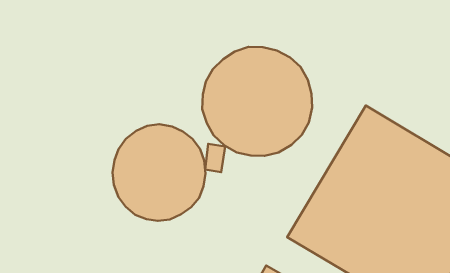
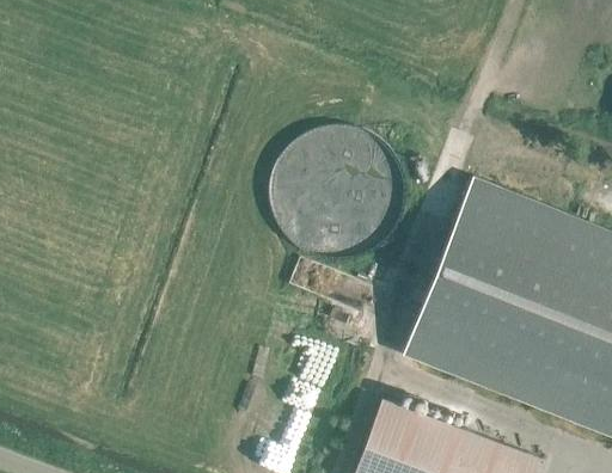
building: [112,124,205,221] -> none

